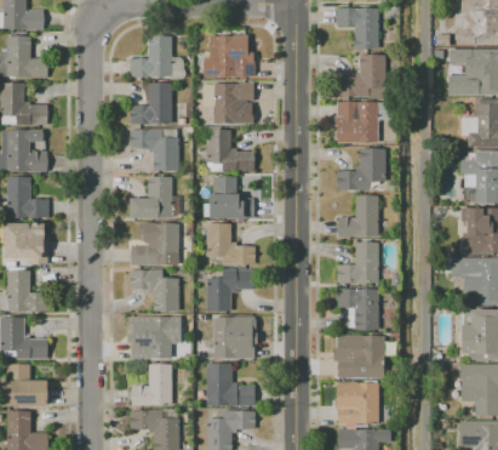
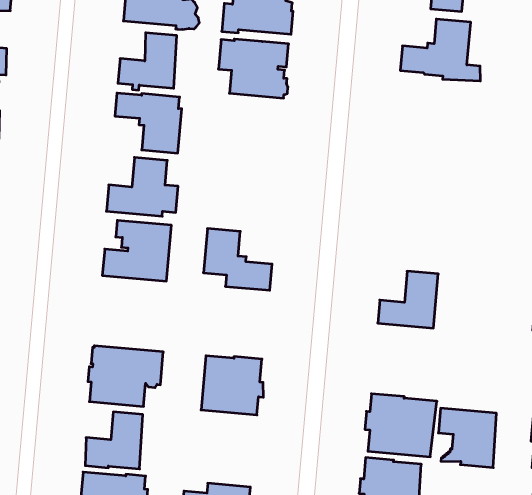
building: [334,101,391,143] -> none
building: [206,126,254,171] -> none
building: [337,148,385,189] -> none
building: [204,176,254,218] -> none
building: [338,195,378,237] -> none
building: [130,268,179,311] -> none
building: [206,268,253,311] -> none
building: [337,289,379,329] -> [438,408,496,468]
building: [206,363,254,405] -> none

